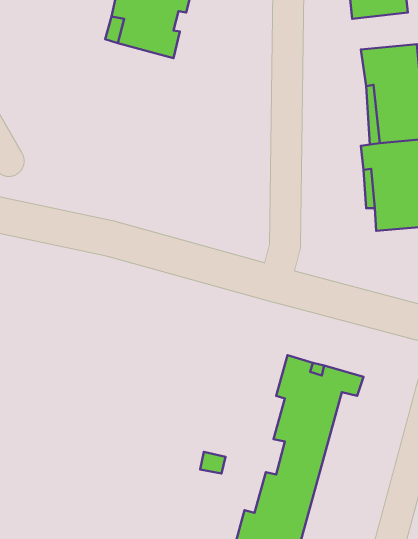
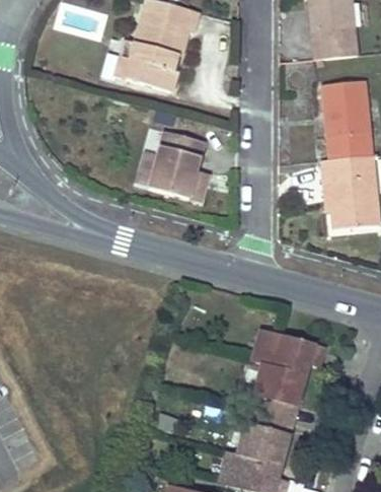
building: none -> [148,130,210,203]

